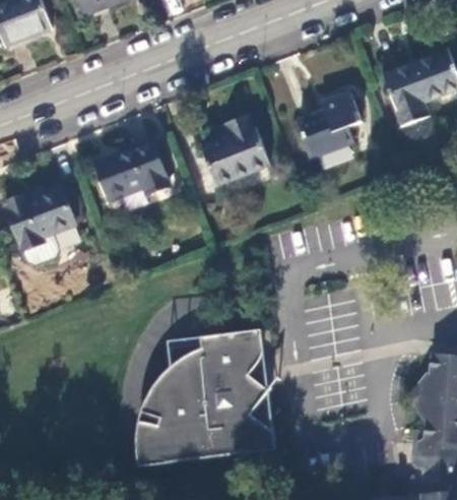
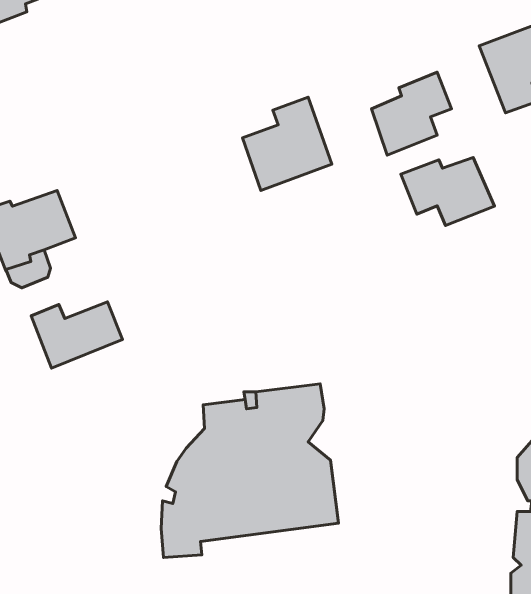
building: [94,138,168,196] -> none
building: none -> [401,157,495,225]
building: none -> [31,302,123,368]

